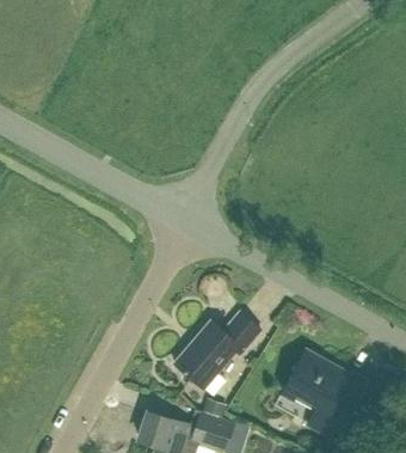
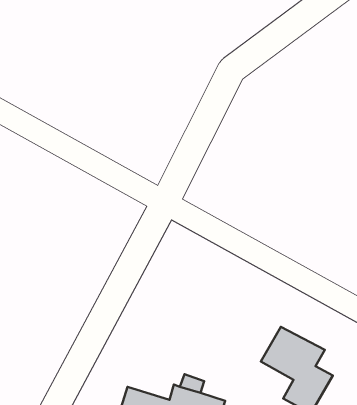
building: [174,312,260,388] -> none

